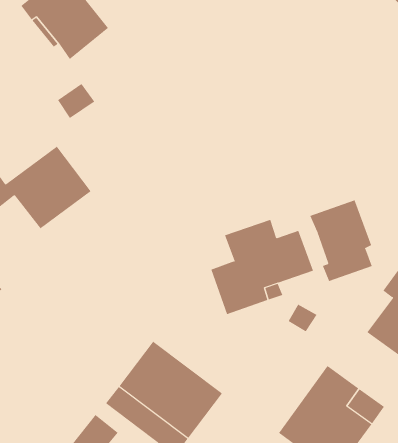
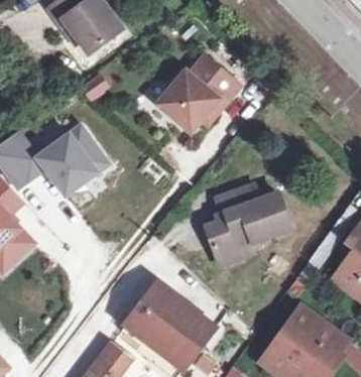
building: none -> [158,56,239,131]
building: [310,200,373,282] -> none

